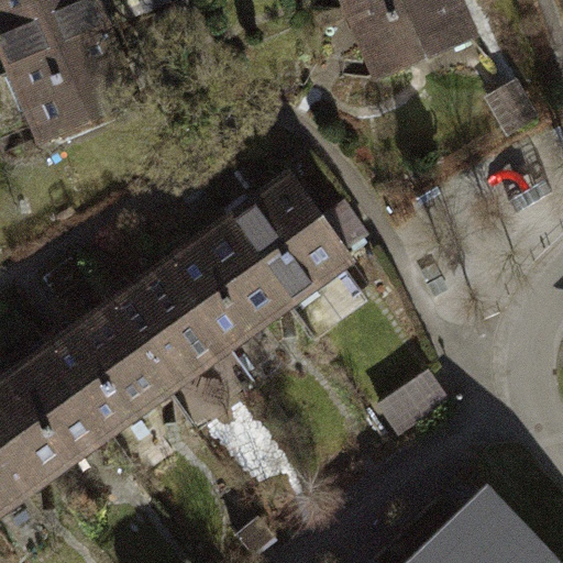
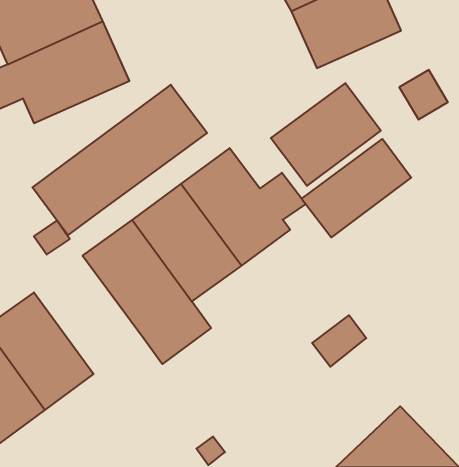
building: none -> [271,83,381,186]
building: none -> [32,85,207,235]
building: none -> [302,139,411,237]
building: [41,306,172,448] -> none

